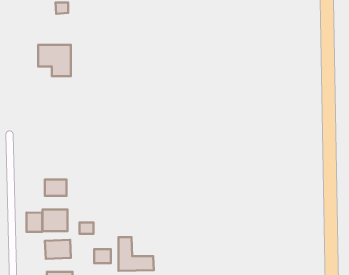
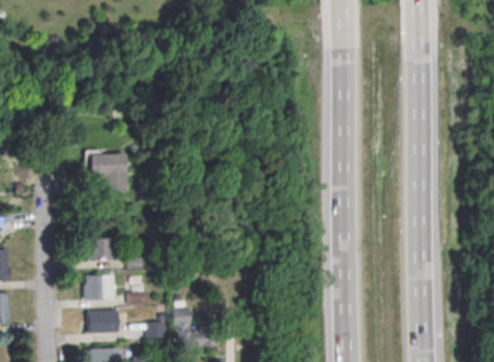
building: [38,45,71,76] -> [86,154,125,191]
building: [27,213,42,232] -> none

